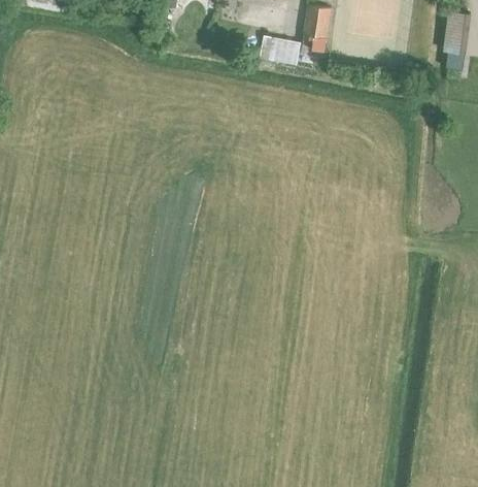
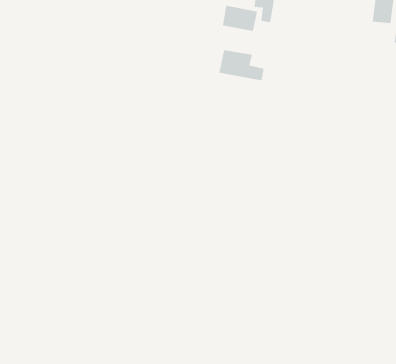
building: none -> [219,49,264,81]

